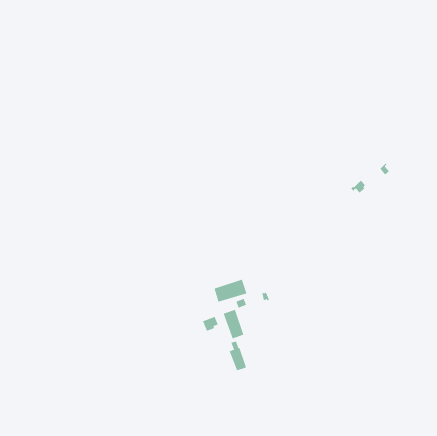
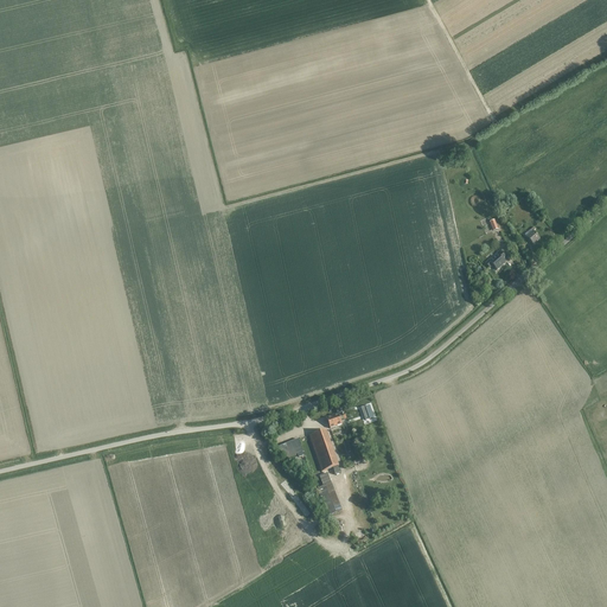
building: [214,279,247,302] -> none

